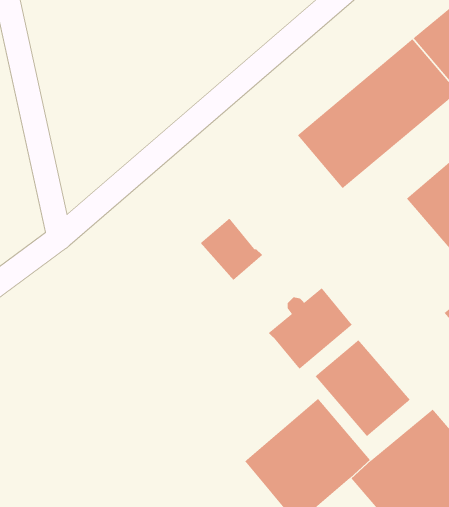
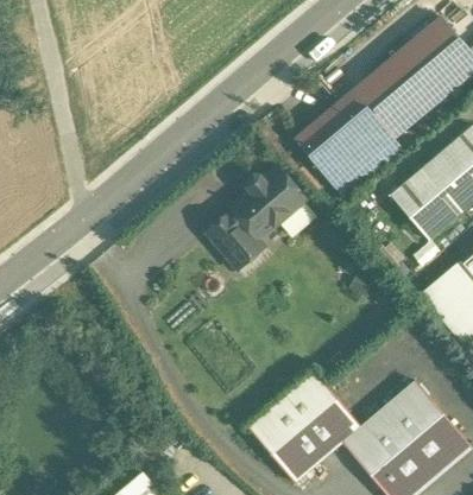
building: [268,287,353,369] -> [231,167,305,240]
building: [315,339,411,437] -> none

